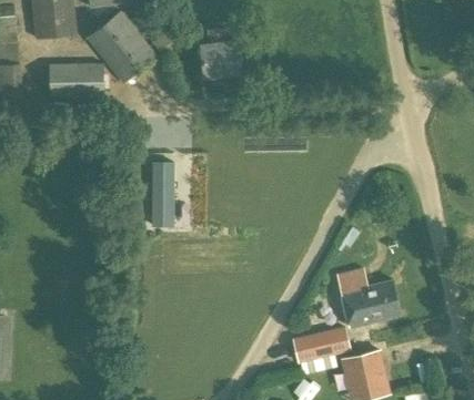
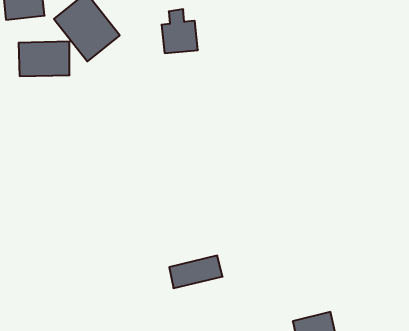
building: [151,144,175,208] -> none
building: [337,269,400,326] -> none
building: [293,327,350,361] -> [169,256,223,288]

